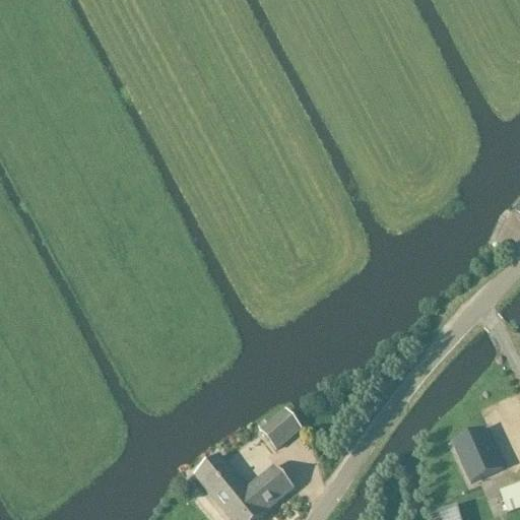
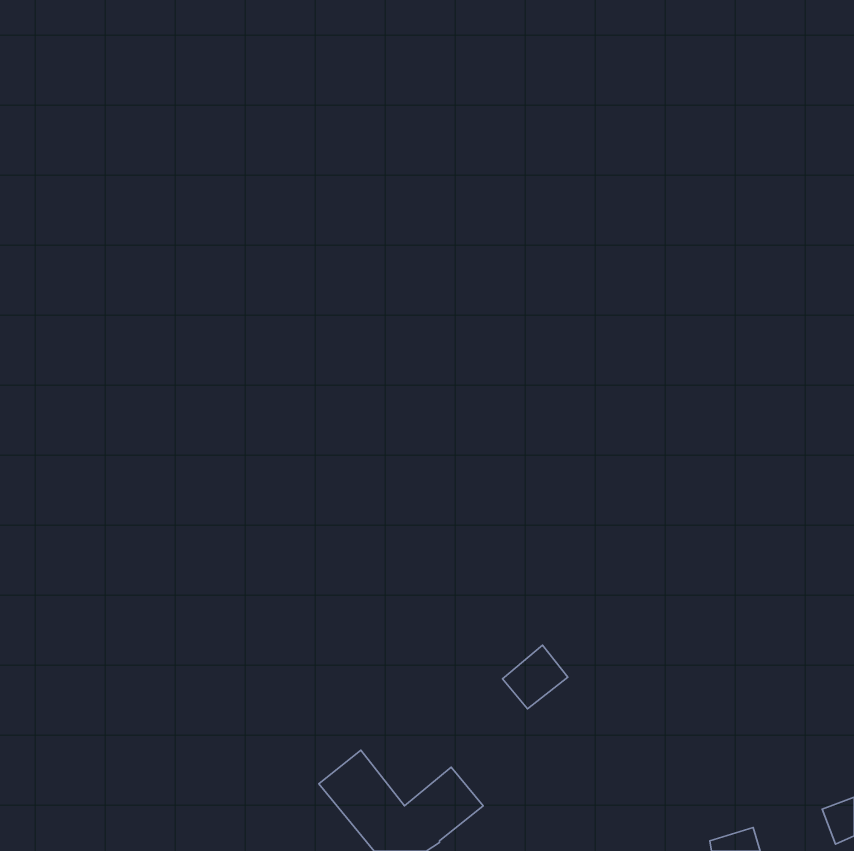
building: [260,409,300,448] -> [502,645,568,709]
building: [452,427,502,480] -> none

